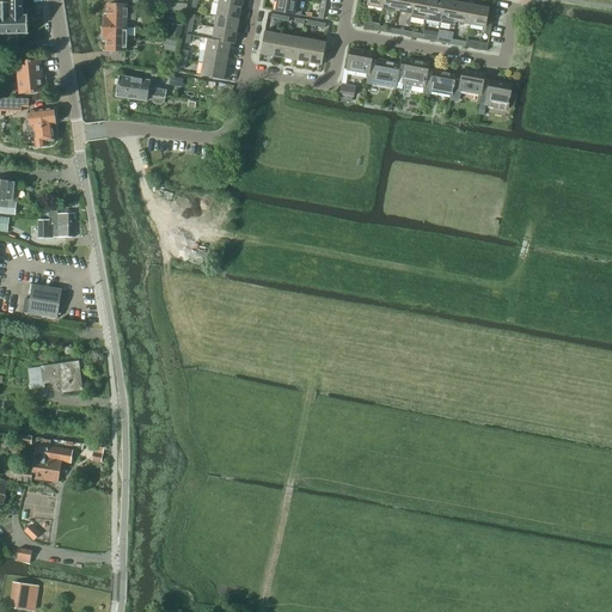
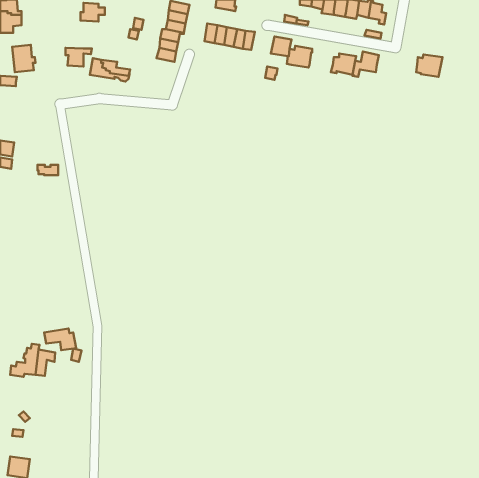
building: [103,26,136,50] -> [66,48,92,66]
building: [393,56,428,92] -> none
building: [478,79,512,108] -> [416,54,442,77]
building: [25,106,55,146] -> none
building: [38,218,74,235] -> none
building: [22,283,61,317] -> none
building: [41,362,81,390] -> [44,329,76,350]

